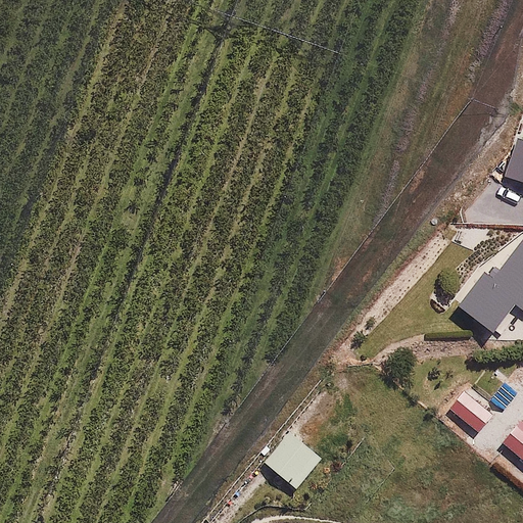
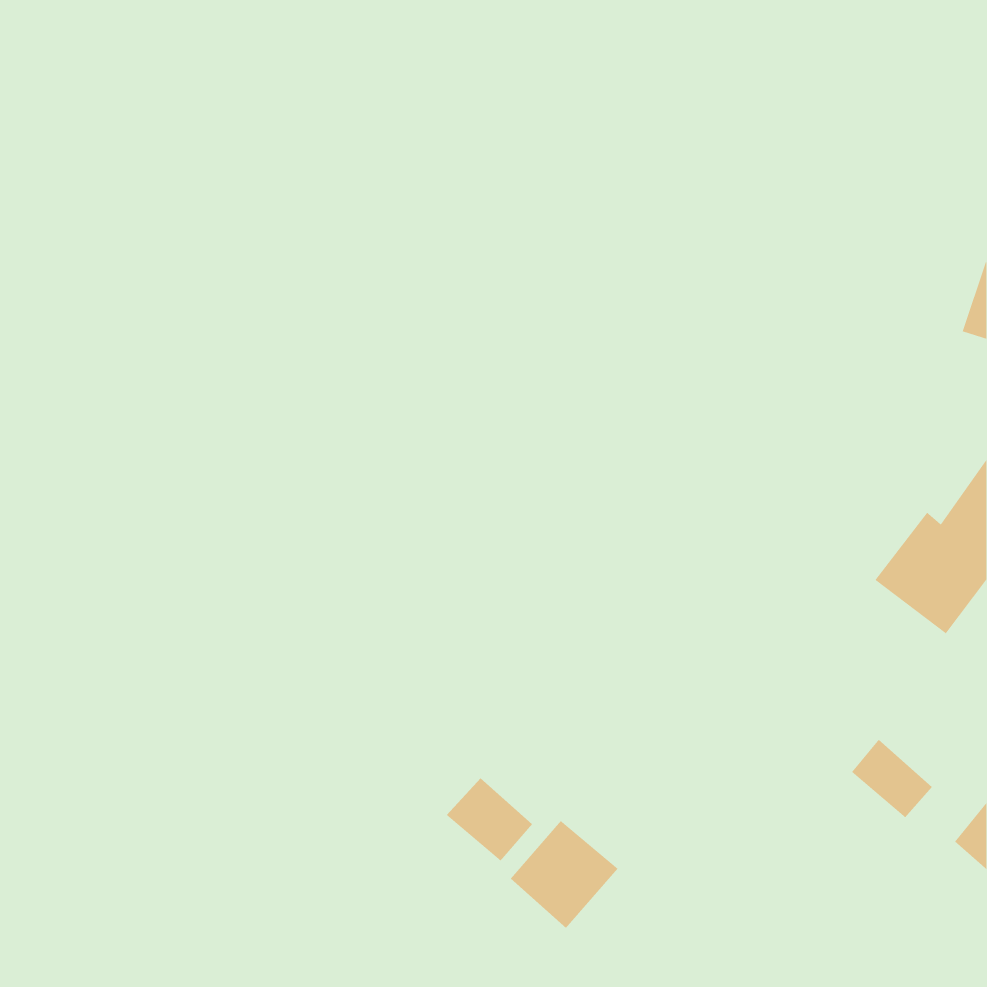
building: none -> [446,777,533,862]

